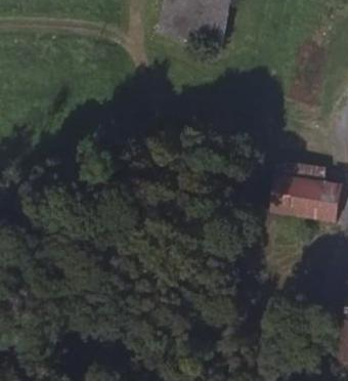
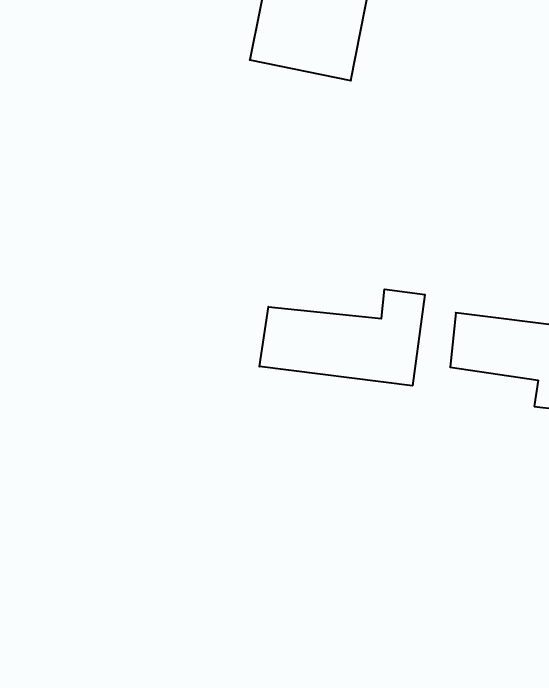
building: none -> [259,289,425,386]

